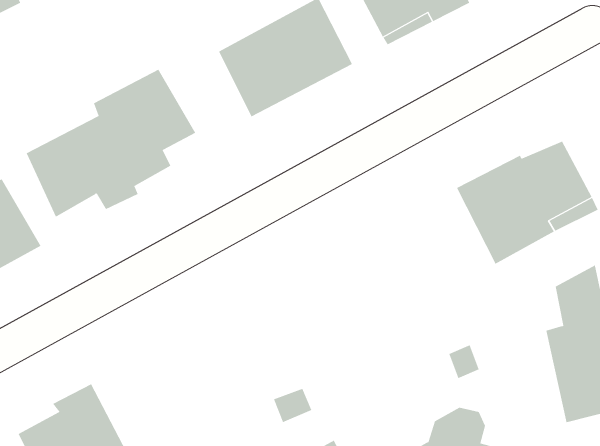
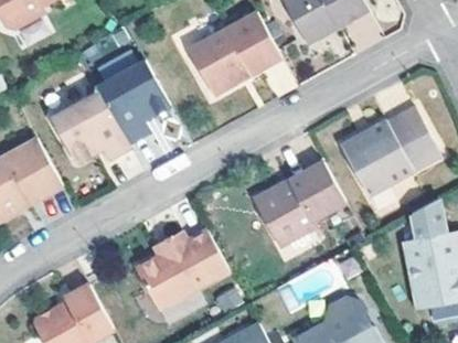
building: none -> [259,164,351,248]
building: none -> [139,231,232,311]

